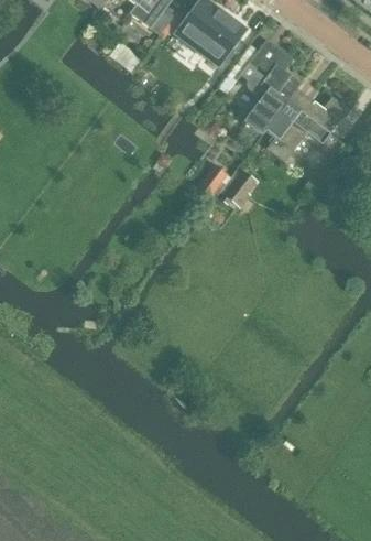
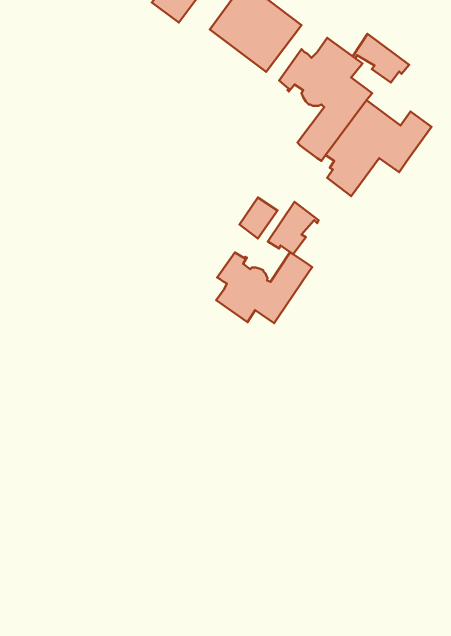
building: none -> [353,34,409,82]
building: none -> [216,252,312,323]

